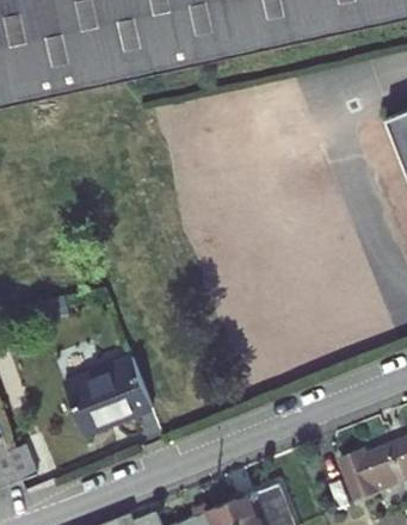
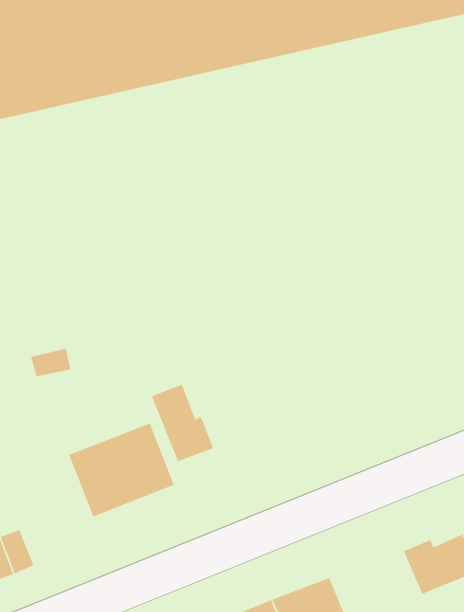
building: none -> [151,383,214,462]

